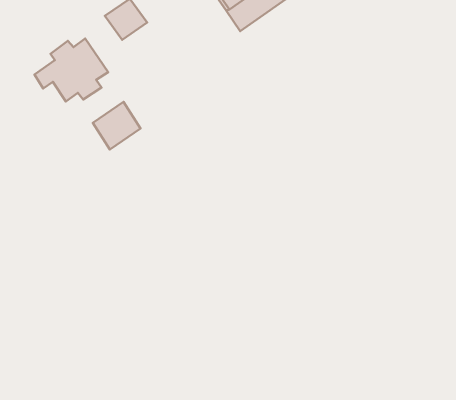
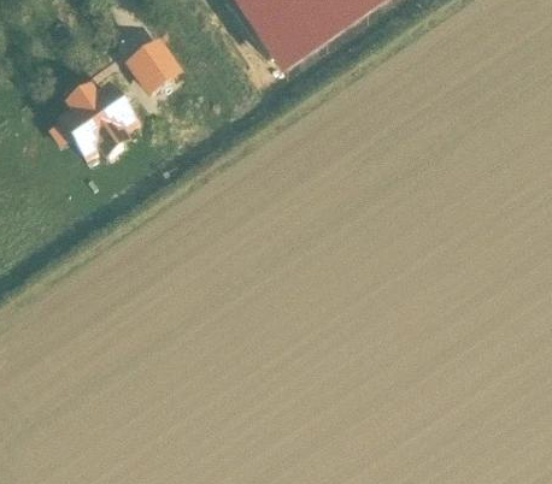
building: [93,102,141,149] -> none

